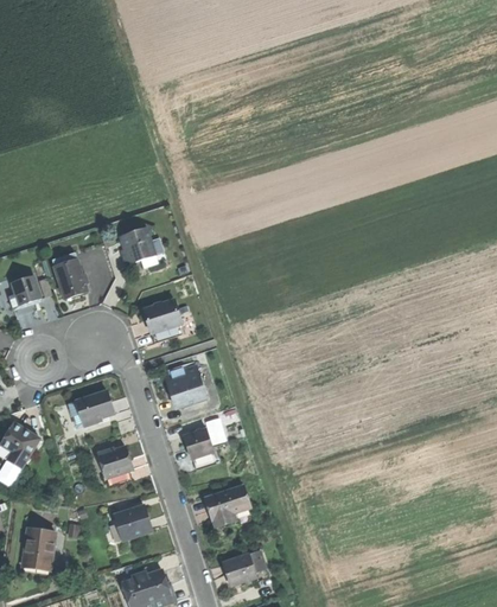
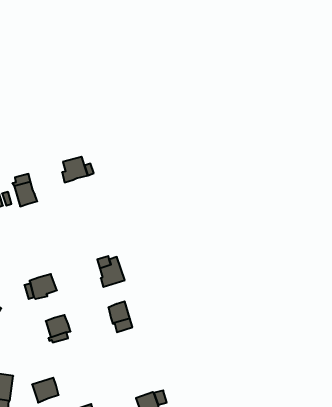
building: [145,300,184,343] -> none
building: [208,485,250,525] -> none
building: [113,505,149,539] -> [32,378,59,403]

